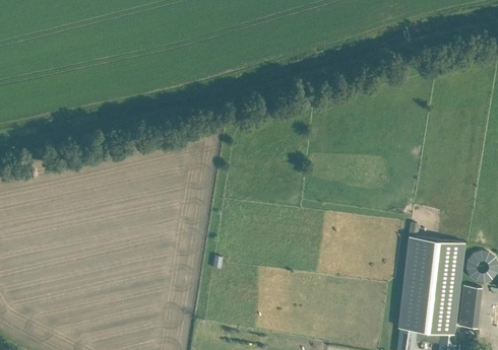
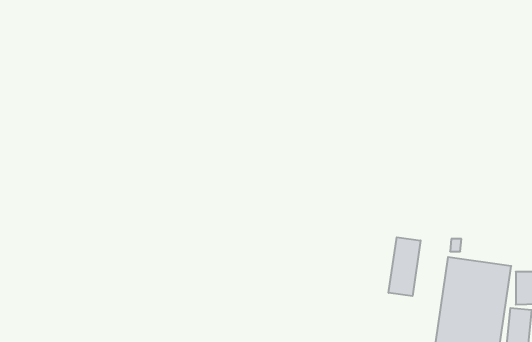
building: none -> [389,237,421,296]

